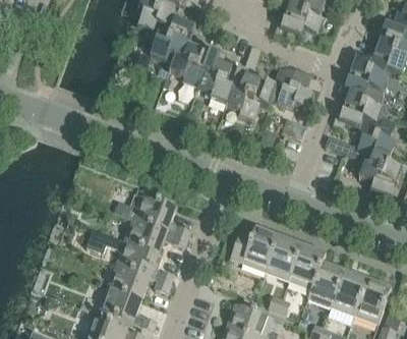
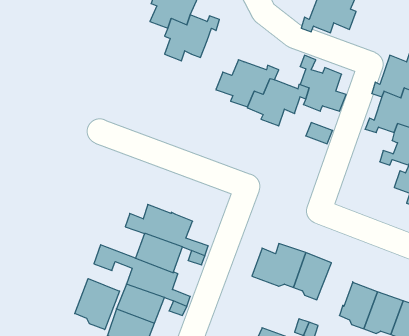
building: [169,43,226,87] -> none
building: [289,244,326,284] -> none
building: none -> [75,279,120,330]

